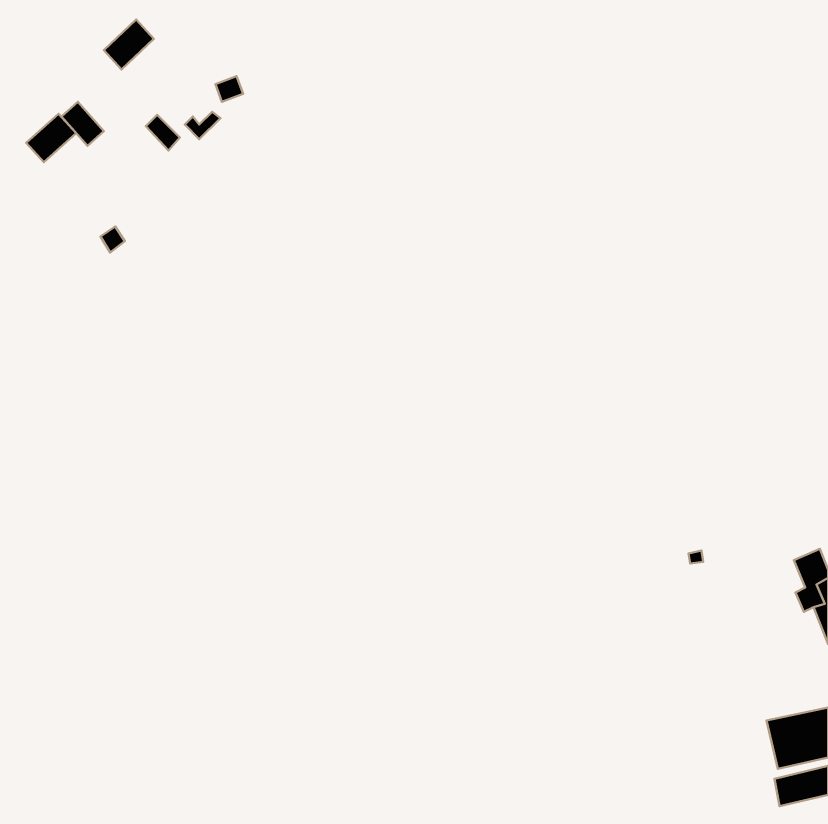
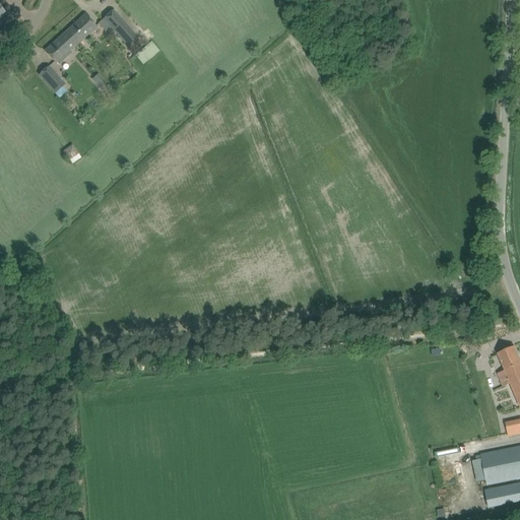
building: none -> [98,8,138,45]
building: [26,114,76,162] -> [45,31,76,62]

